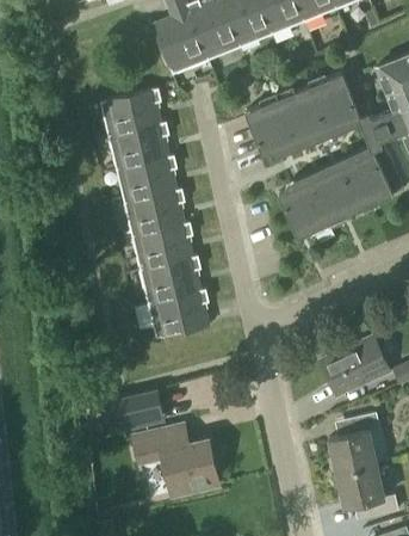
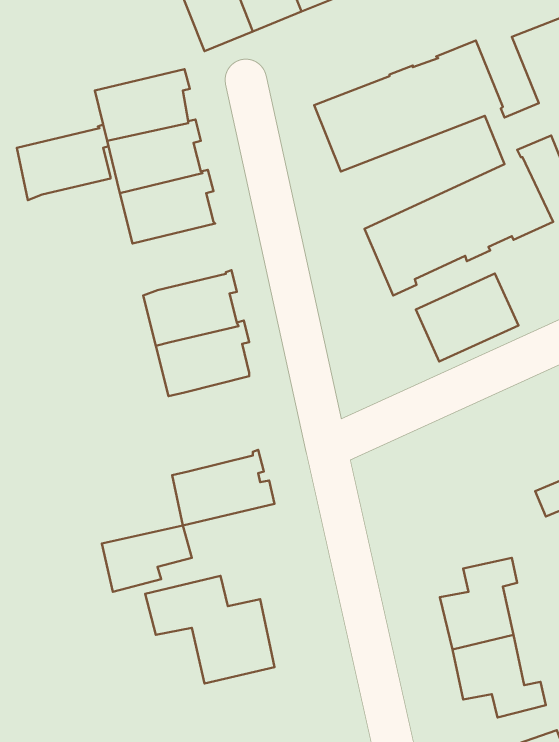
building: [124,187,186,238] -> [17,125,110,200]
building: [148,288,216,338] -> [172,450,274,525]
building: [321,337,389,395] -> [416,273,518,362]

